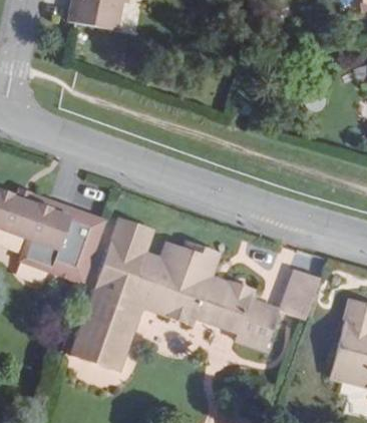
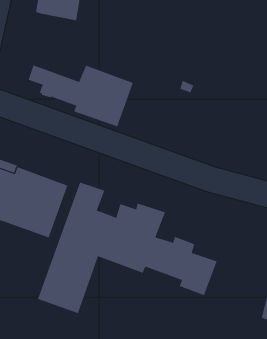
building: none -> [28,64,134,127]
building: [280,269,320,320] -> none

